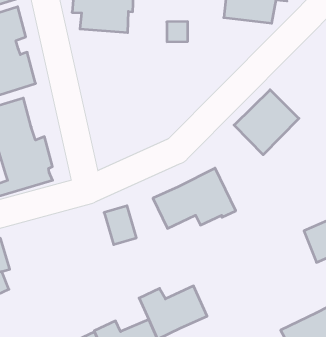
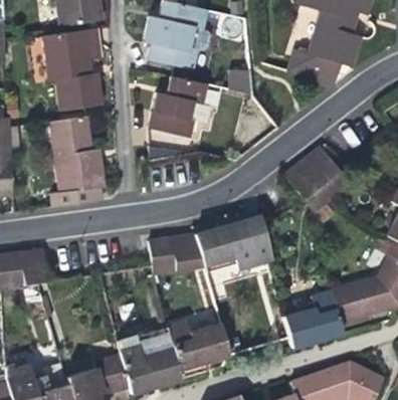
building: none -> [149,78,207,140]
building: none -> [167,234,202,269]
building: none -> [281,289,343,348]

